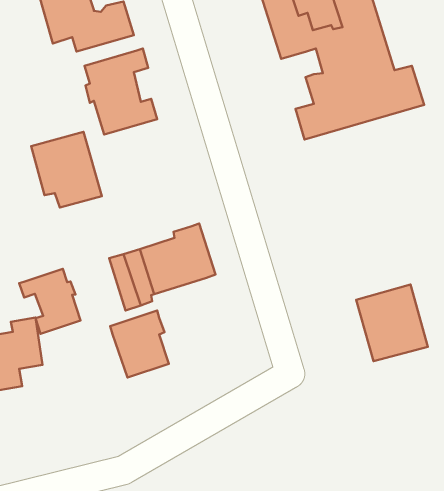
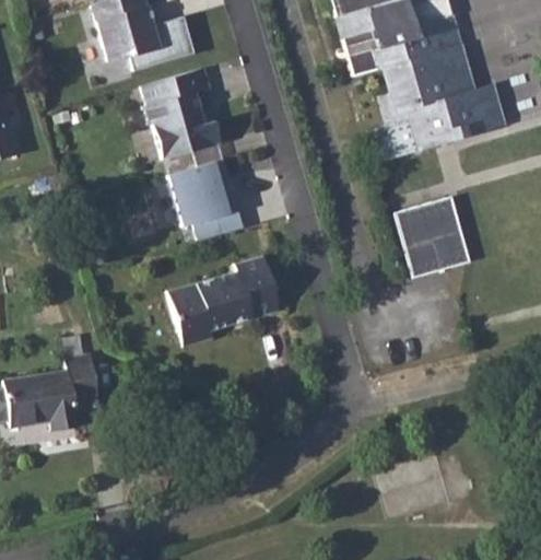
building: [31,132,102,208] -> [167,158,243,238]
building: [19,269,80,334] -> none
building: [356,284,428,361] -> [392,196,469,278]
building: [110,311,169,378] -> none

